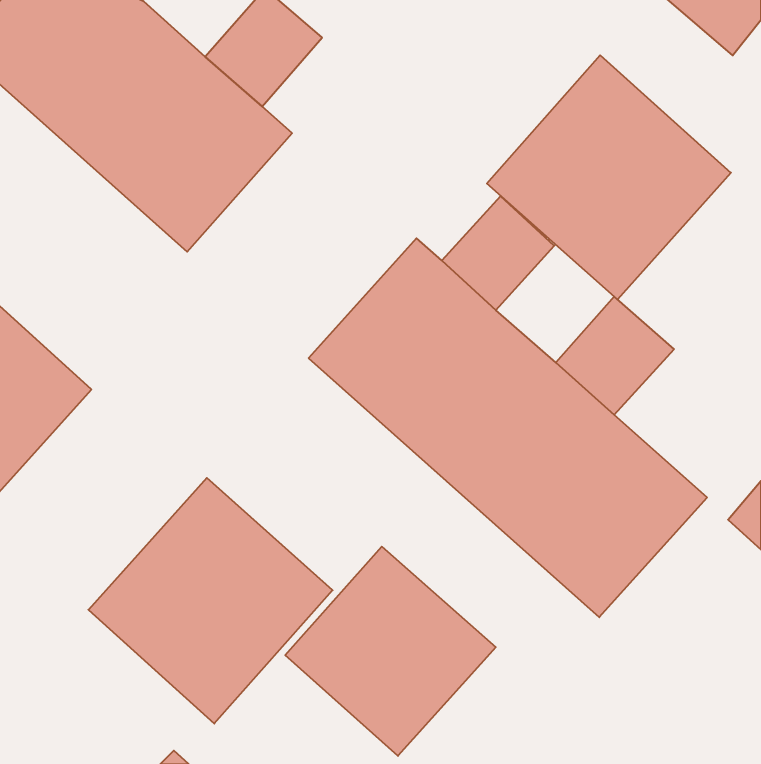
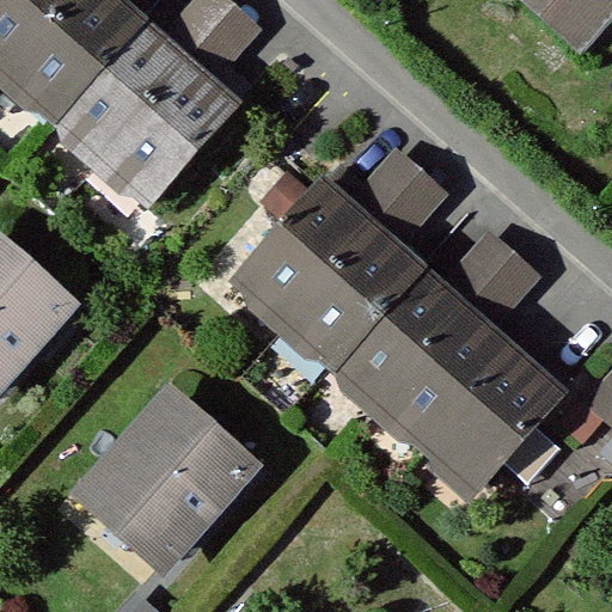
building: [487,55,731,300] -> none
building: [285,547,496,756] -> none

